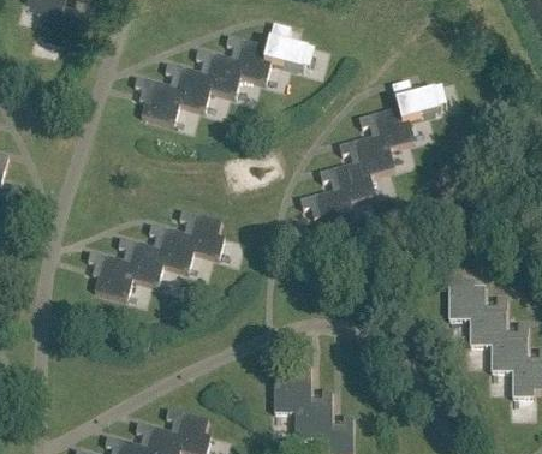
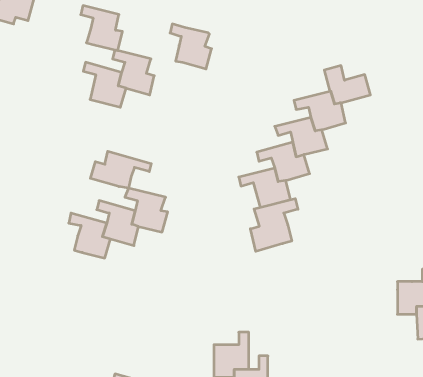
building: [263,23,308,71] -> none
building: [195,49,239,97] -> [81,6,122,51]
building: none -> [90,151,151,188]
building: none -> [250,199,298,251]
building: [87,252,132,300] -> none
building: [447,276,484,319] -> none

